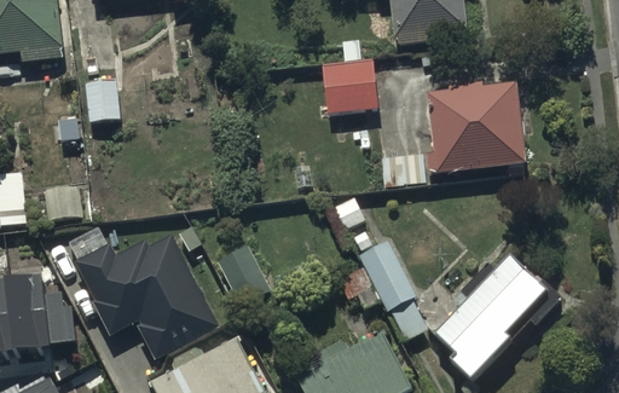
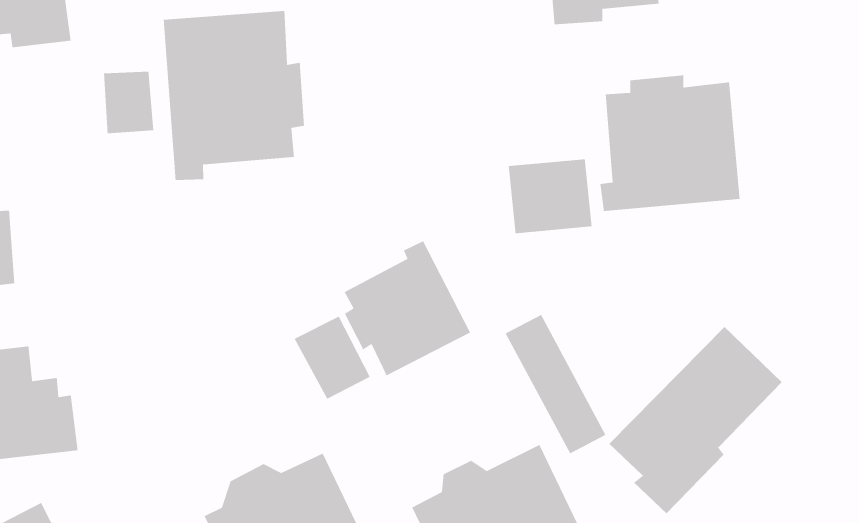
building: none -> [163,10,305,181]
building: [323,63,381,115] -> [508,158,592,234]
building: none -> [344,240,471,376]
building: [74,233,216,359] -> none

